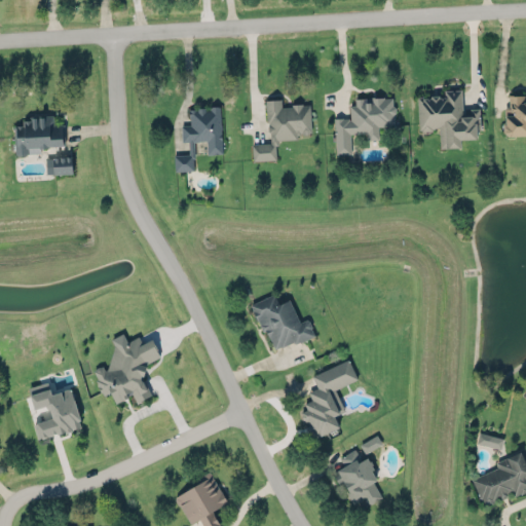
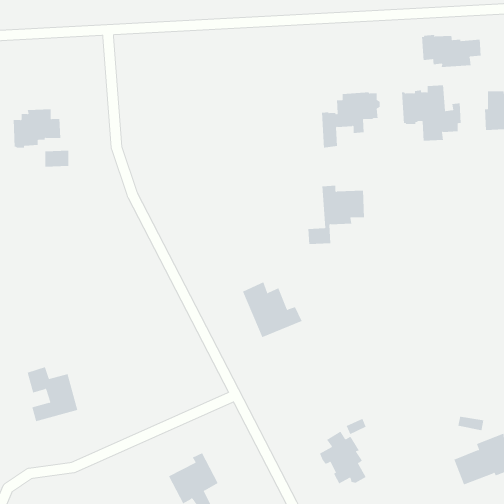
building: none -> [421,34,481,68]
building: [253,100,312,161] -> [308,185,365,245]
building: [175,108,223,172] -> none
building: [92,334,161,404] -> none
building: [302,361,358,436] -> none

